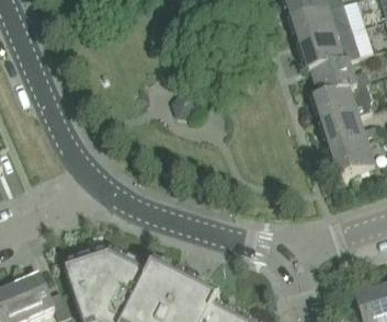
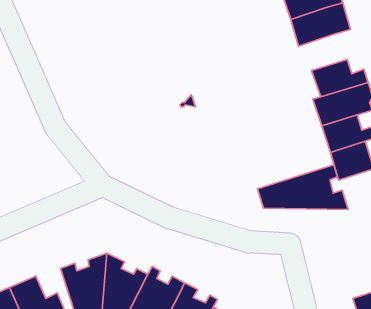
building: [299,30,360,72] -> none
building: none -> [258,165,348,210]

